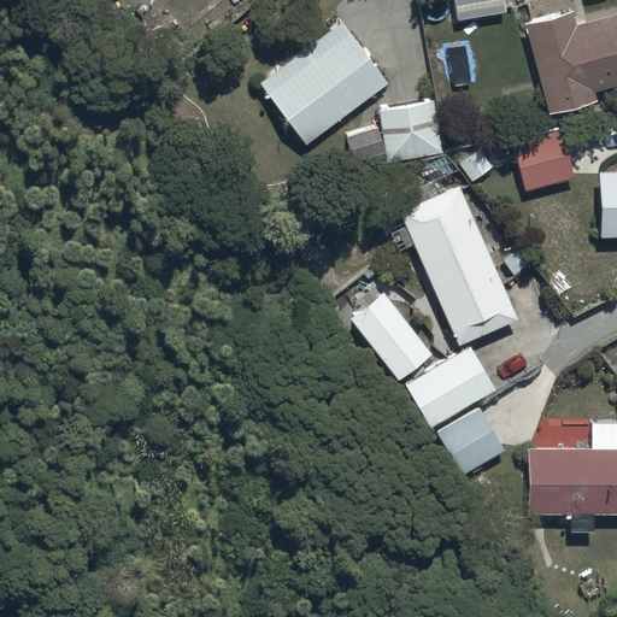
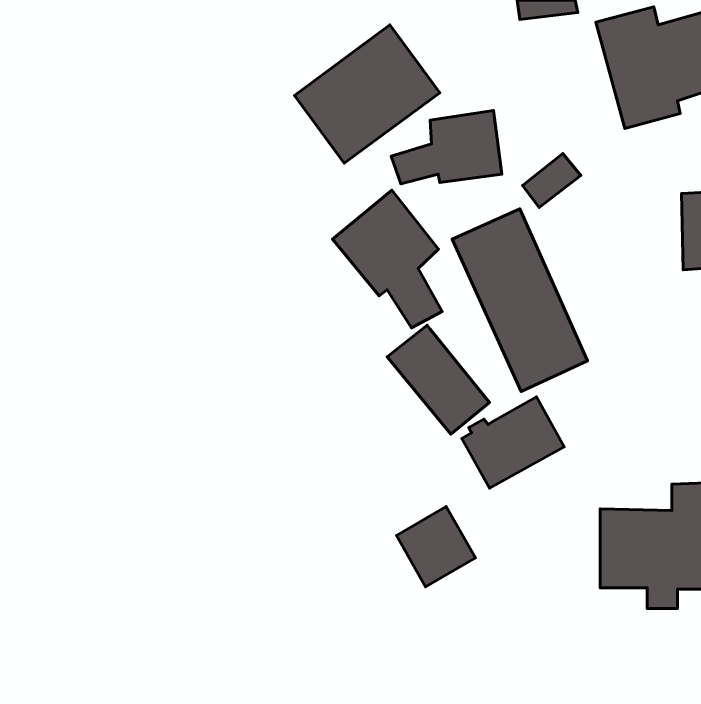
building: [513,128,574,190] -> none
building: none -> [333,190,442,328]
building: [437,407,506,477] -> [397,507,475,587]

